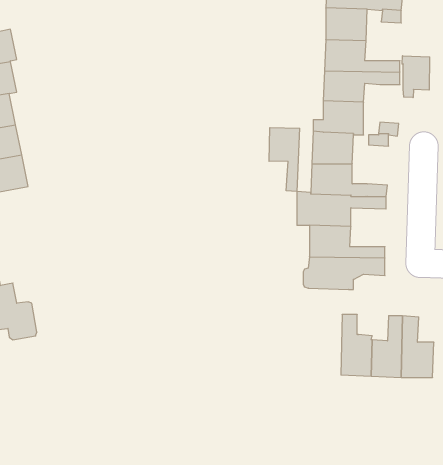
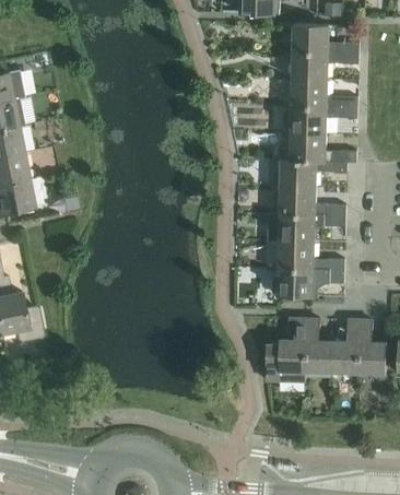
building: [402,56,430,98] -> none
building: [269,128,300,191] -> none
building: none -> [266,317,307,381]

